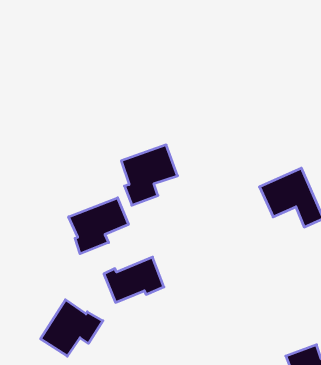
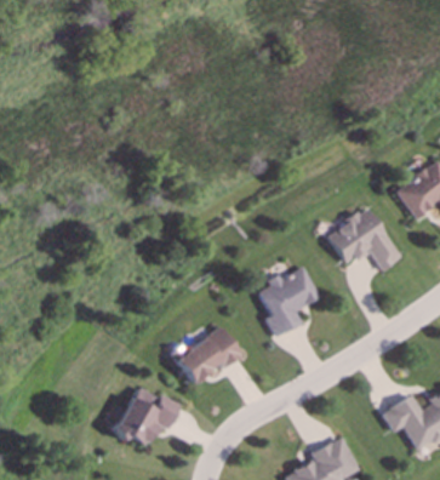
building: [121,145,178,205] -> [257,268,320,338]
building: [69,198,128,254] -> none

